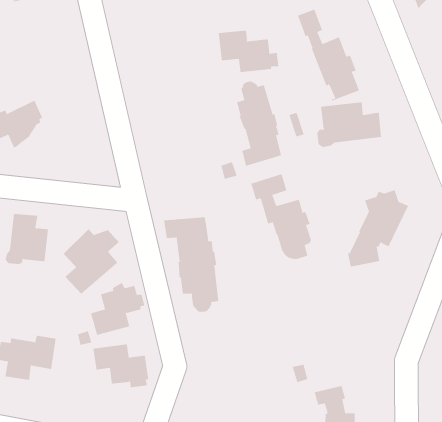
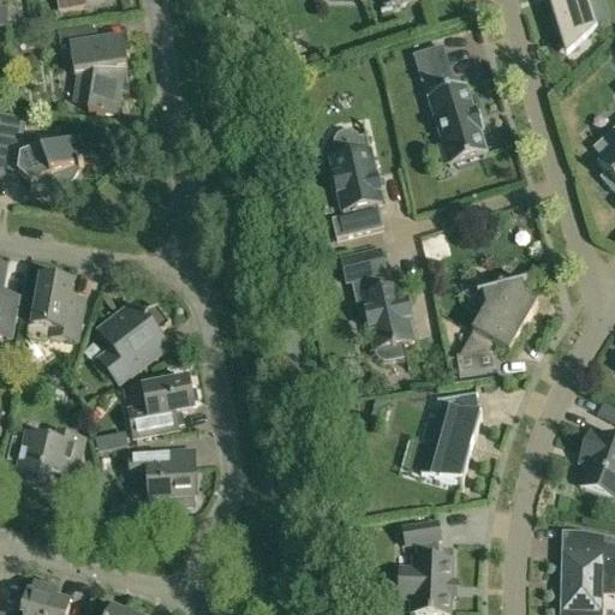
building: none -> [56,22,127,111]
building: [218,30,279,73] -> none
building: [317,101,381,148] -> none
building: [164,216,219,313] -> none
building: none -> [419,389,482,482]

